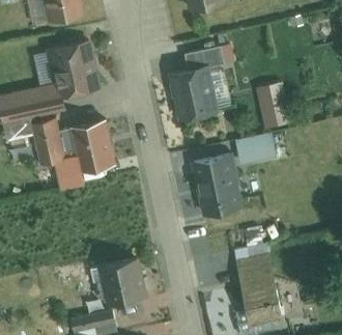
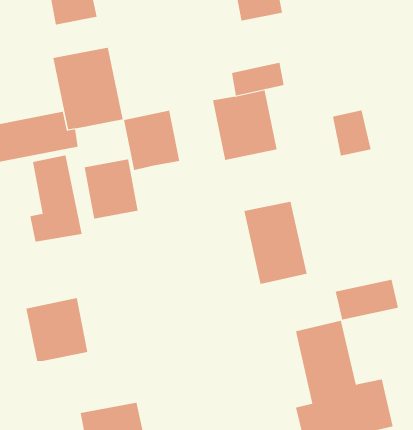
building: none -> [123,110,180,171]
building: [227,136,276,167] -> [335,279,399,320]
building: [99,257,147,306] -> [26,297,88,362]

